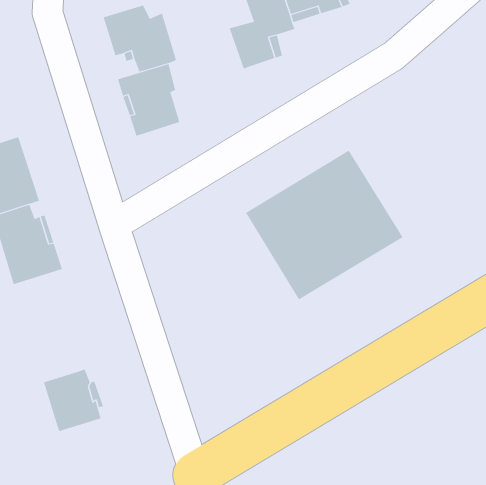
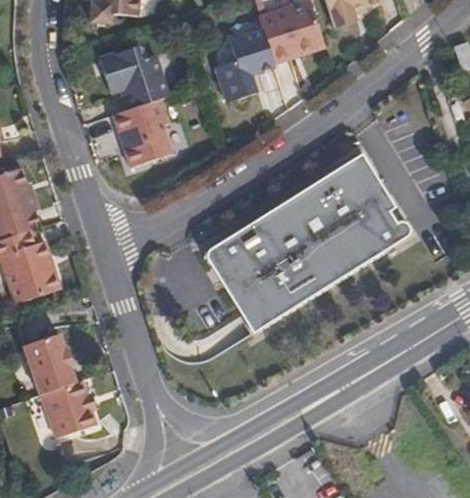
building: none -> [323,155,411,259]
building: none -> [206,237,276,329]
building: none -> [21,335,73,394]

